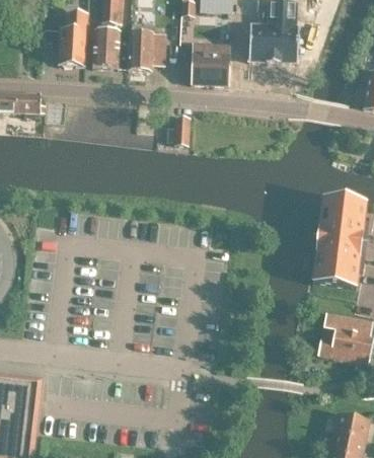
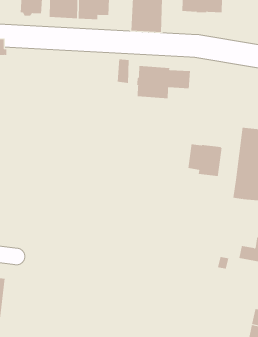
building: none -> [137,65,190,99]
building: none -> [188,143,222,177]

